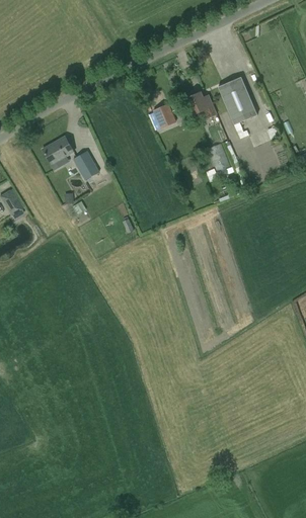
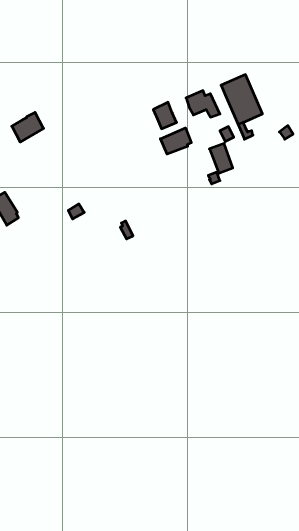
building: none -> [160,128,191,154]
building: [43,137,73,165] -> [12,112,44,142]
building: [73,151,99,180] -> none

